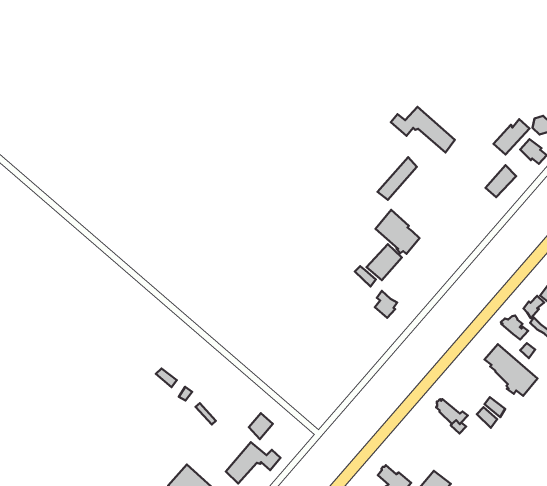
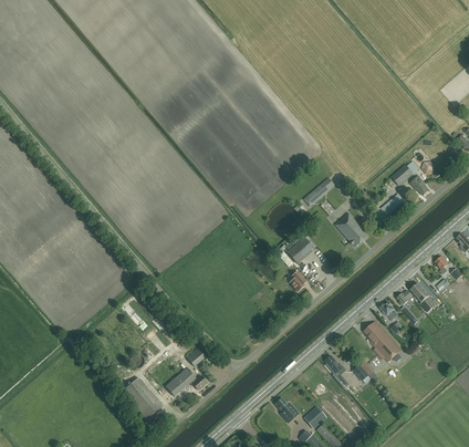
building: [391,107,455,152] -> none
building: [376,210,420,254] -> [335,212,366,246]

